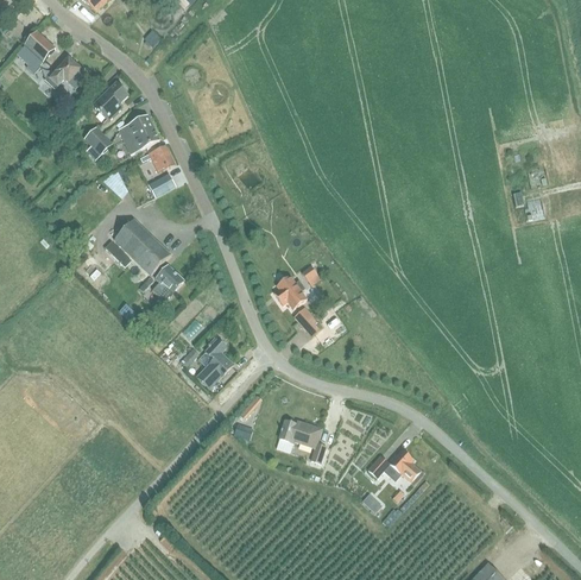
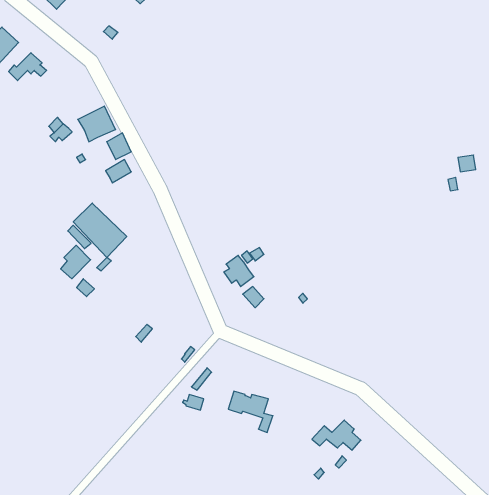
building: [93,81,127,119] -> none
building: [151,264,183,300] -> [61,245,91,279]
building: [196,338,232,387] -> none

